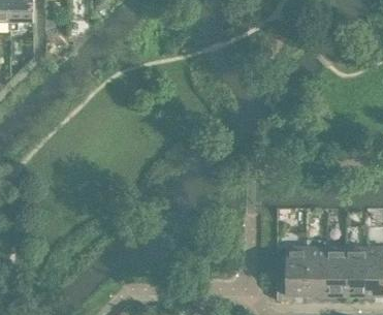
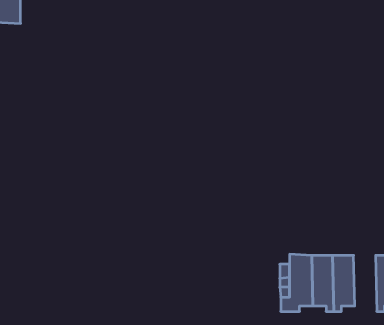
building: [344,247,365,300] -> none

